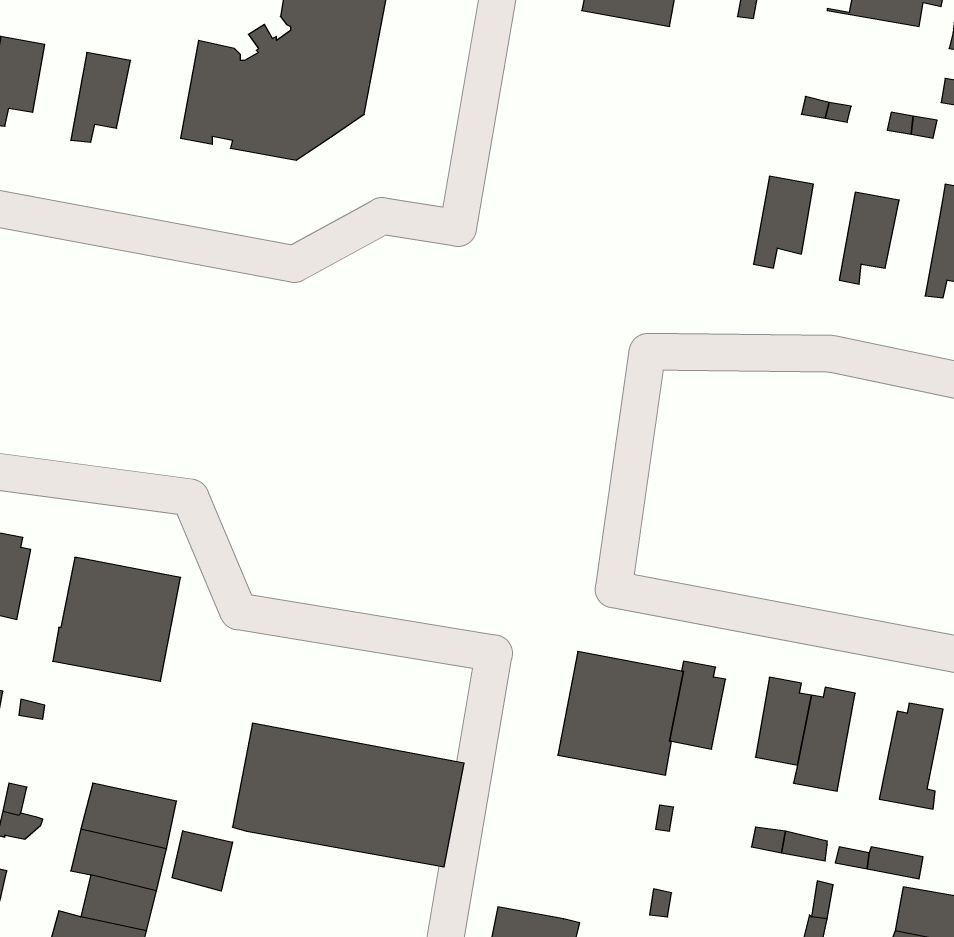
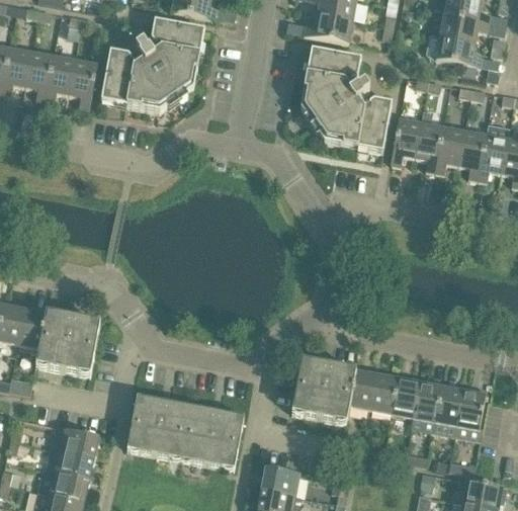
building: none -> [425,33,482,66]
building: none -> [300,47,392,151]
building: none -> [25,51,53,99]
building: none -> [68,59,97,106]
building: none -> [415,108,442,170]
building: none -> [457,130,486,178]
building: none -> [17,304,49,346]
building: none -> [369,368,399,412]
building: none -> [433,379,463,433]
building: [172,831,233,891] -> none
building: none -> [261,465,298,494]

